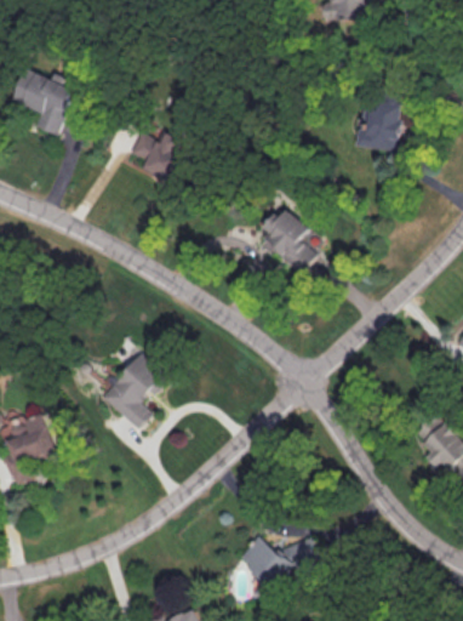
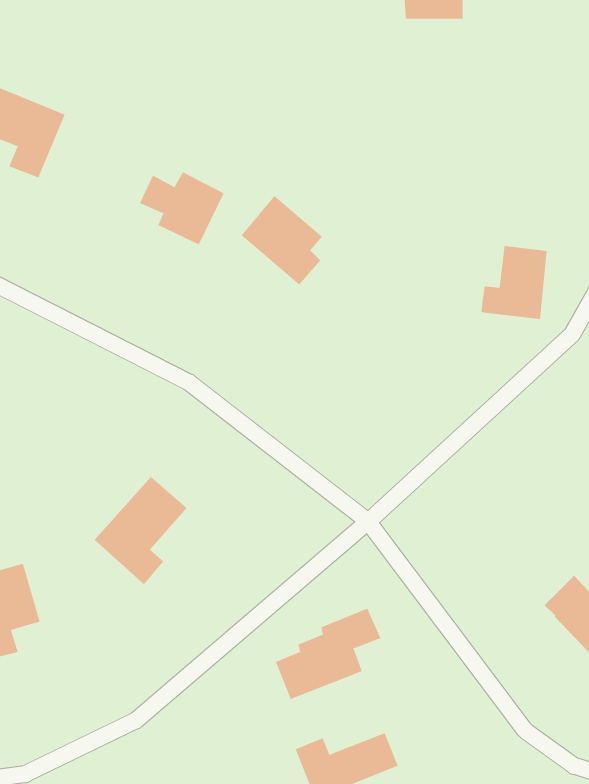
building: [355,98,404,152] -> [480,246,547,319]
building: [256,207,315,273] -> [241,195,323,286]
building: none -> [275,608,381,700]

